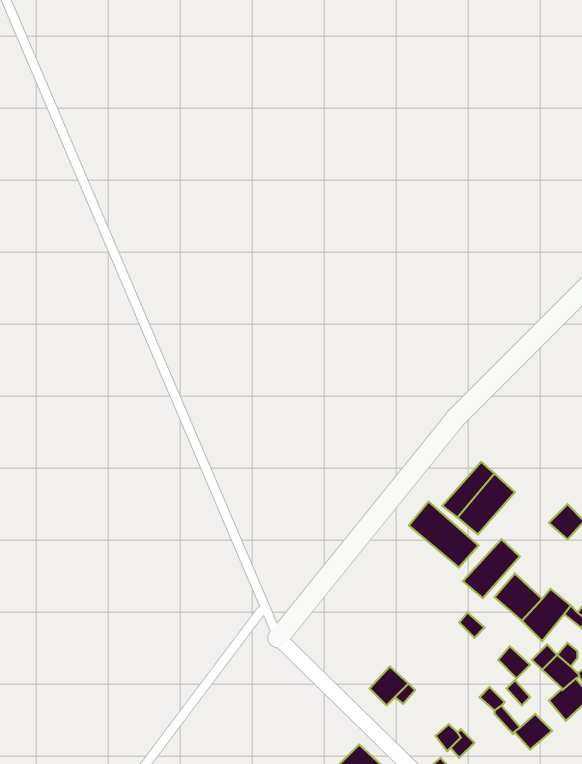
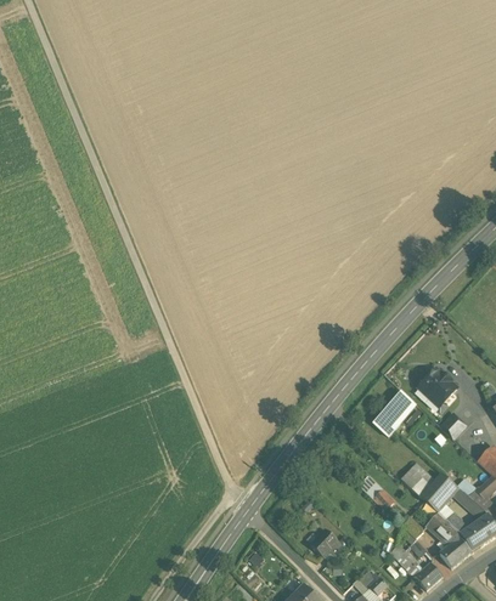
building: none -> [419,368,456,403]
building: [409,501,479,568] -> none
building: [463,539,520,598] -> none

